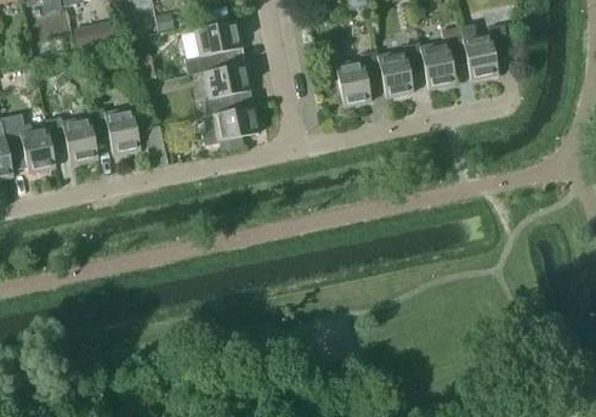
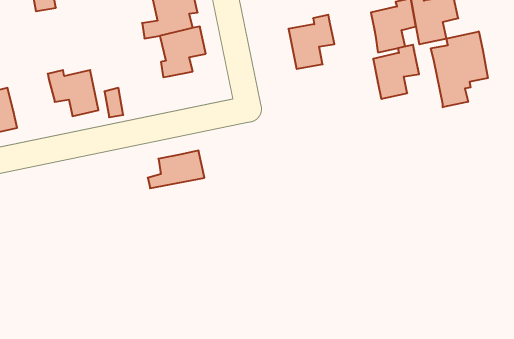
building: [378,41,425,97] -> [373,45,419,99]
building: none -> [431,31,488,107]
building: [201,105,260,143] -> [148,151,204,188]
building: [45,117,98,163] -> none

